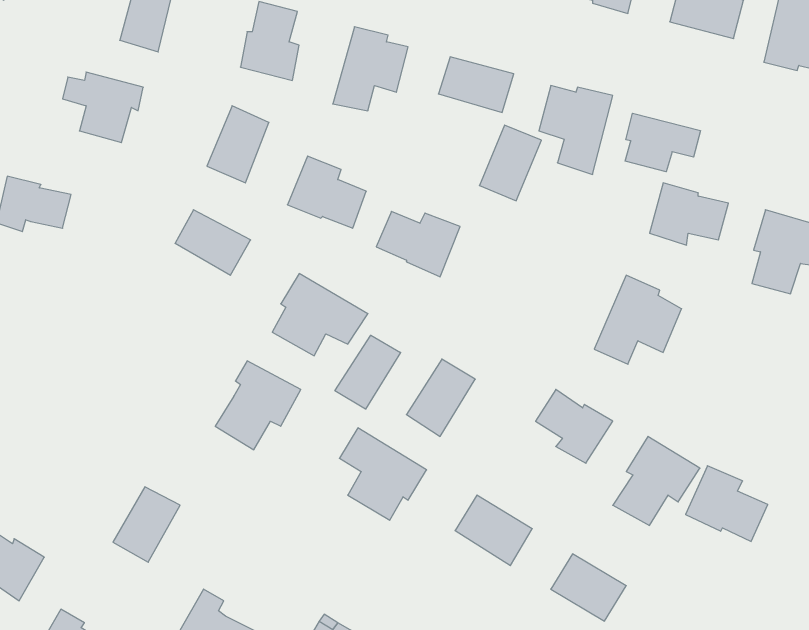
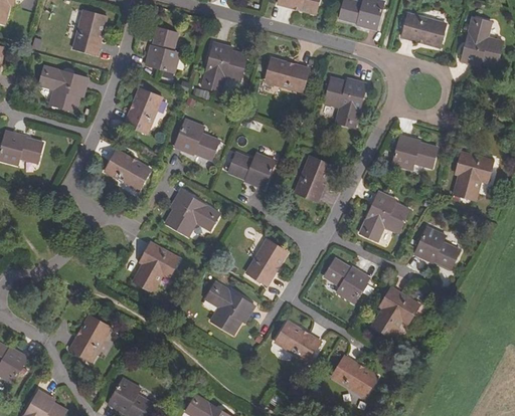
building: [625,113,700,172] -> none
building: [479,125,541,201] -> [295,156,332,201]
building: [335,335,401,409] -> none
building: [686,466,768,541] -> [411,225,461,270]

